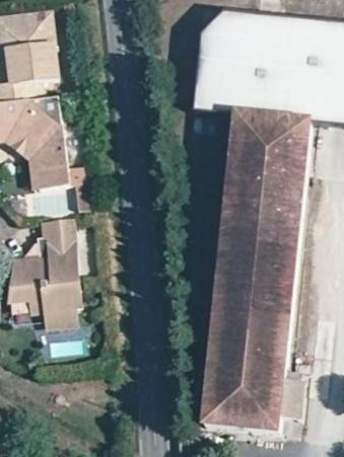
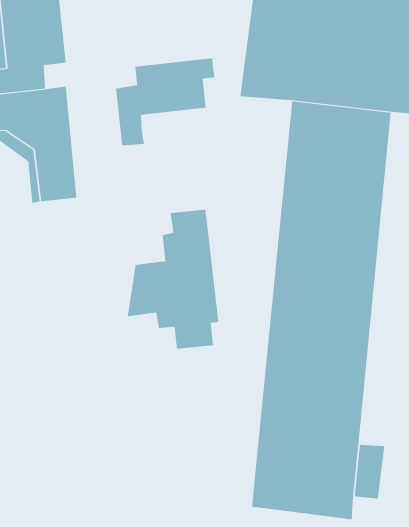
building: none -> [116,57,215,146]
building: [9,217,81,326] -> [127,209,219,349]

